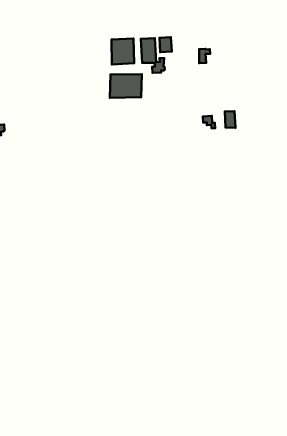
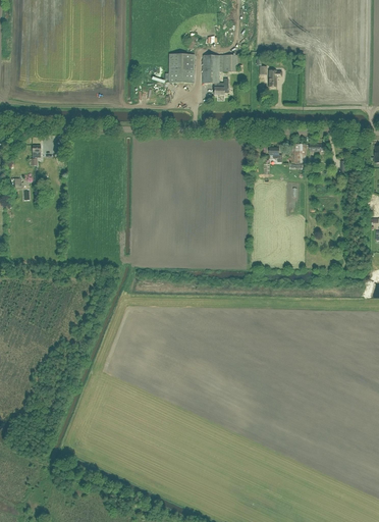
building: [110,74,142,98] -> none

